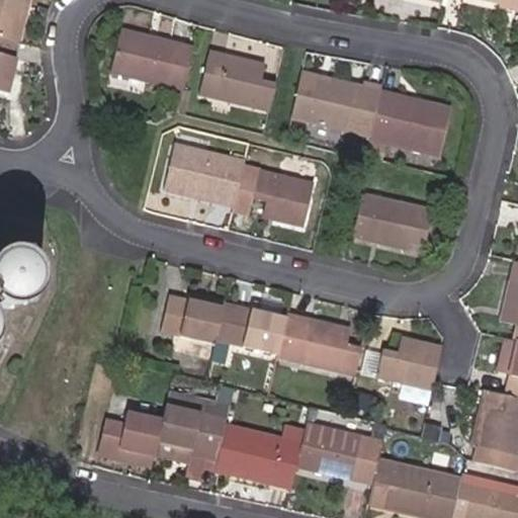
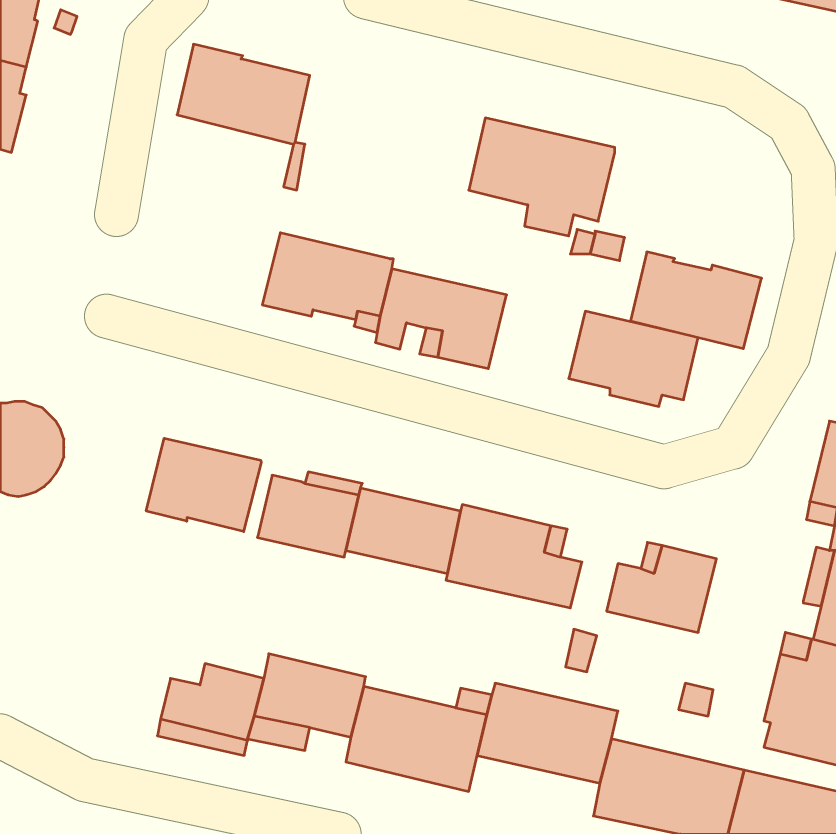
building: [198,54,275,111] -> none
building: [370,94,451,154] -> [630,252,762,349]
building: none -> [146,438,261,532]

